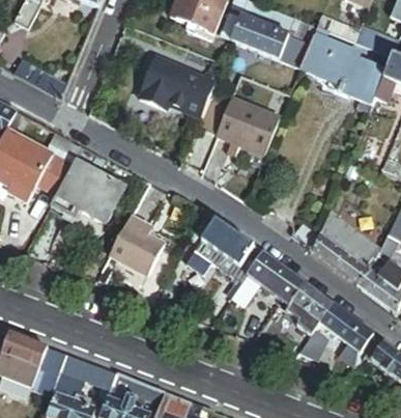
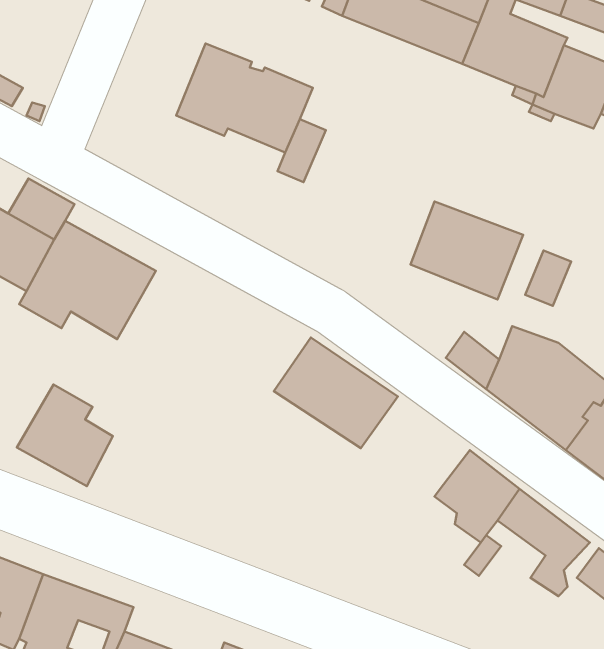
building: [216,100,279,155] -> [411,202,523,300]
building: [107,217,161,274] -> [17,385,113,486]
building: [231,254,303,307] -> none

